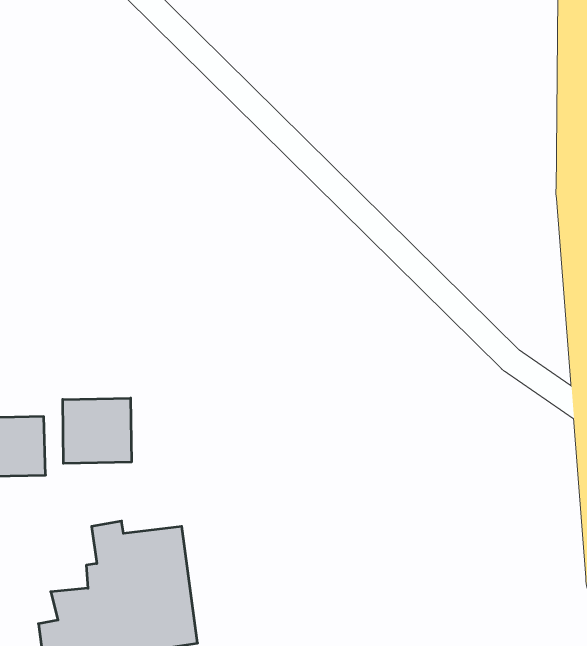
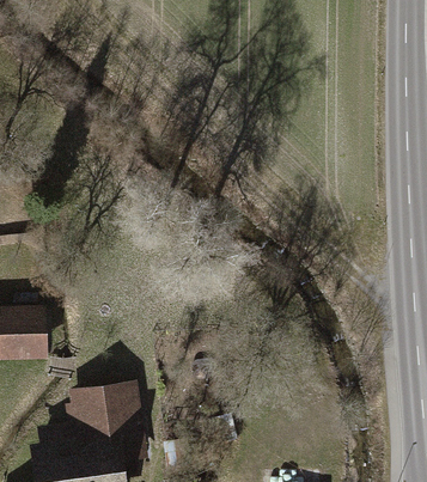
building: [63,398,131,463] -> none

